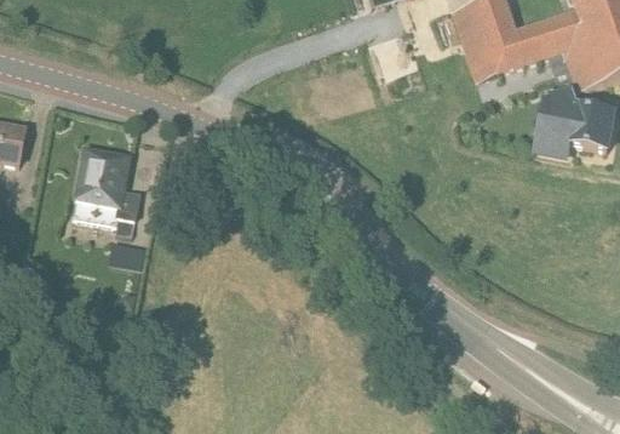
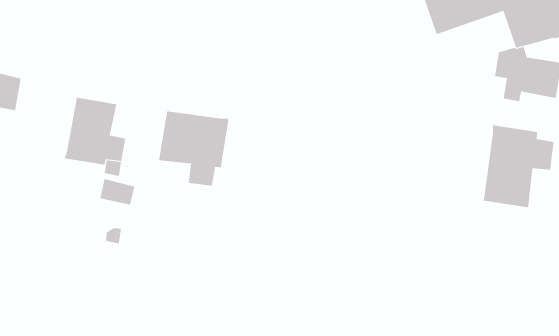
building: none -> [159,110,229,187]
building: none -> [483,124,554,208]

